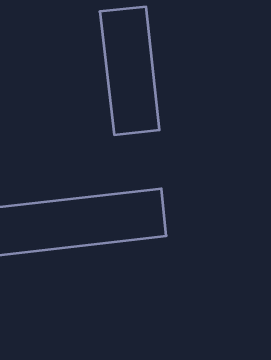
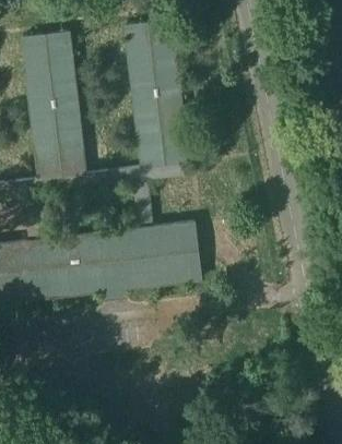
building: none -> [22,33,94,179]

